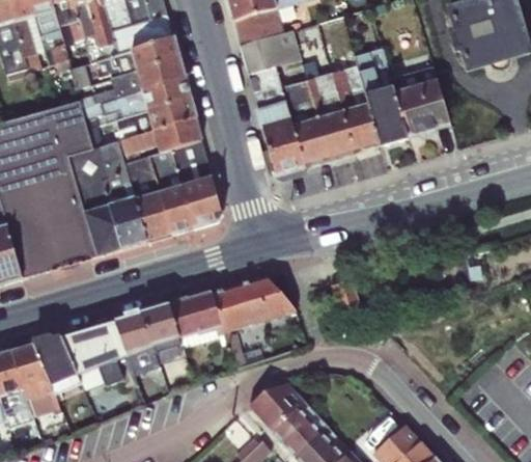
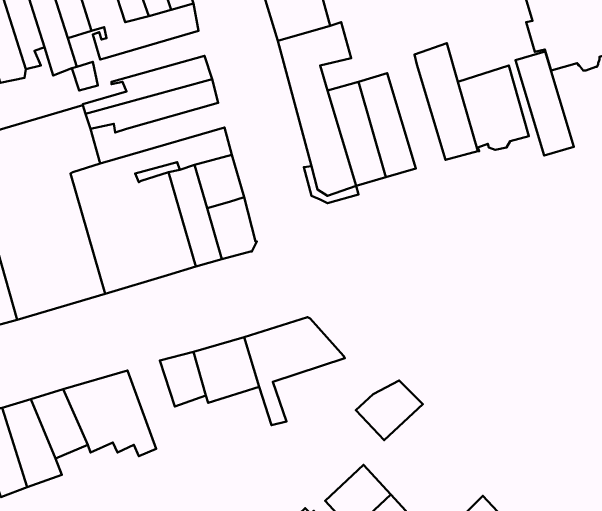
building: [93,36,176,79] -> none
building: [329,64,378,152] -> [515,51,574,156]
building: [111,97,193,140] -> none
building: [112,312,157,375] -> none
building: [253,380,309,430] -> [356,381,423,440]

